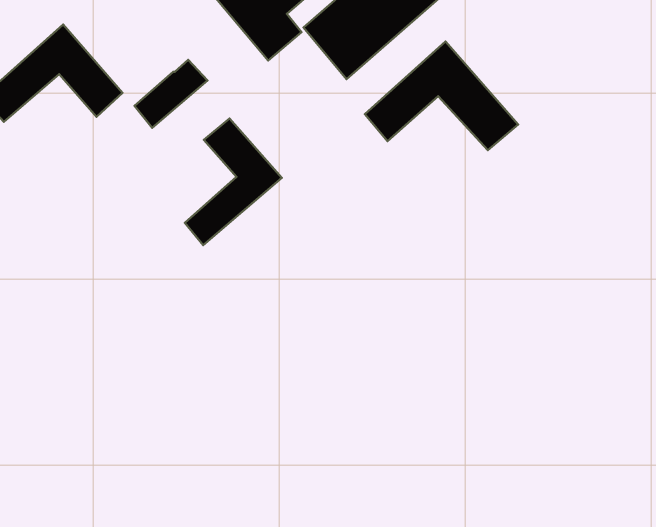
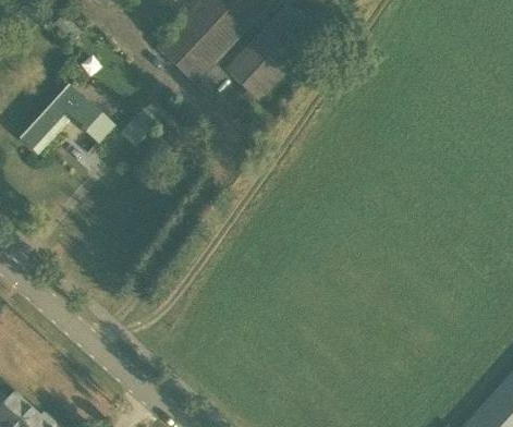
building: [365,42,518,150] -> none
building: [185,118,282,245] -> none

